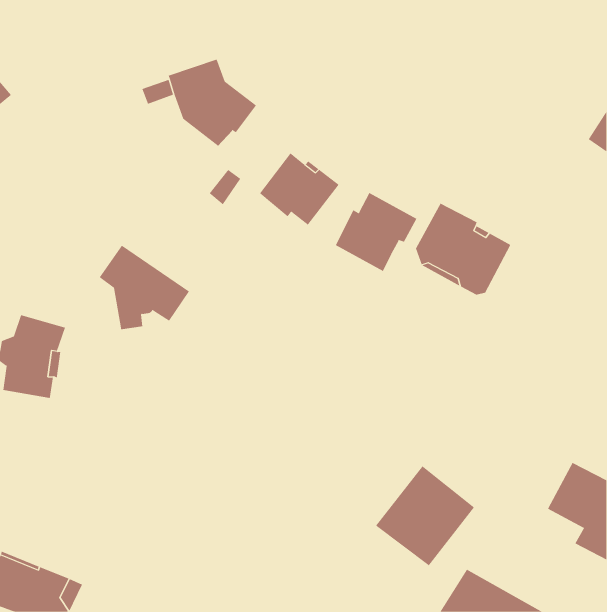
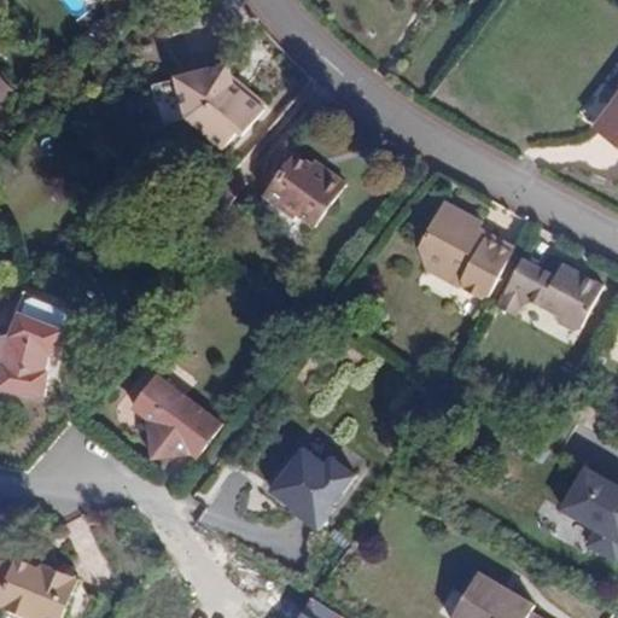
building: [335,192,417,272] -> none
building: [99,245,190,330] -> [134,374,226,460]
building: none -> [499,257,606,327]
building: [375,465,475,566] -> [256,430,356,531]

